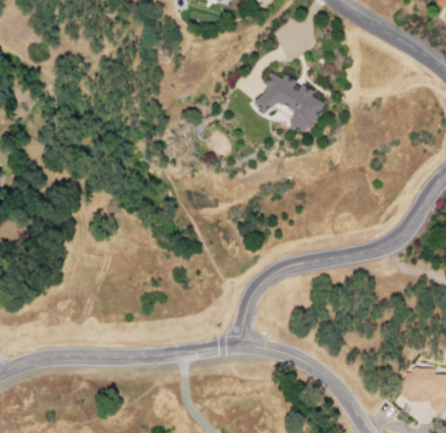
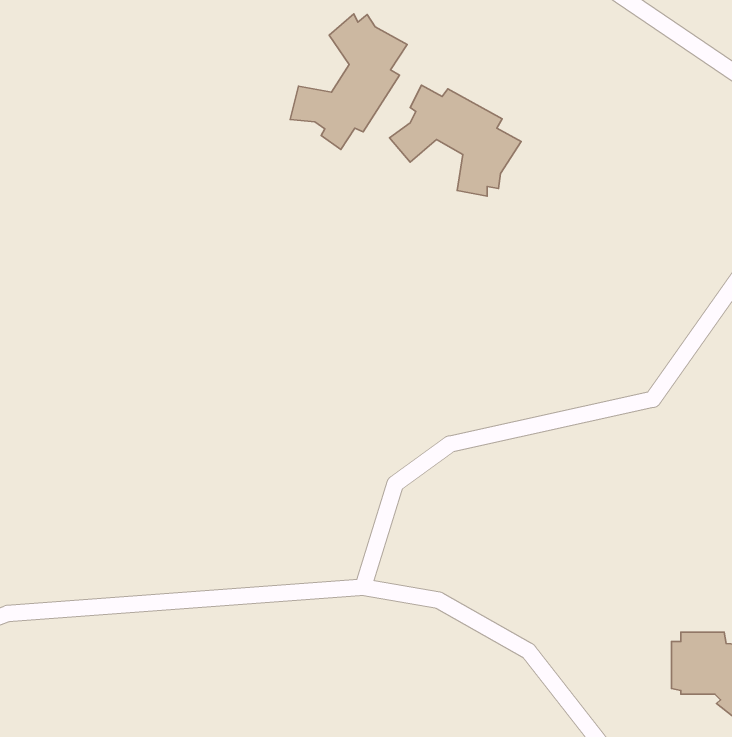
building: none -> [290,14,407,150]

